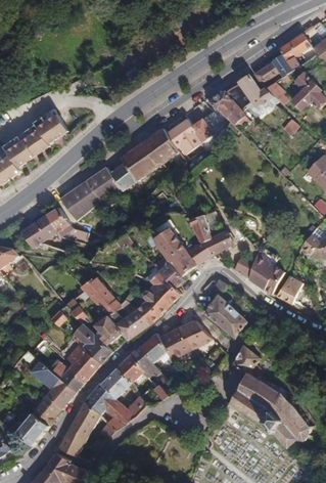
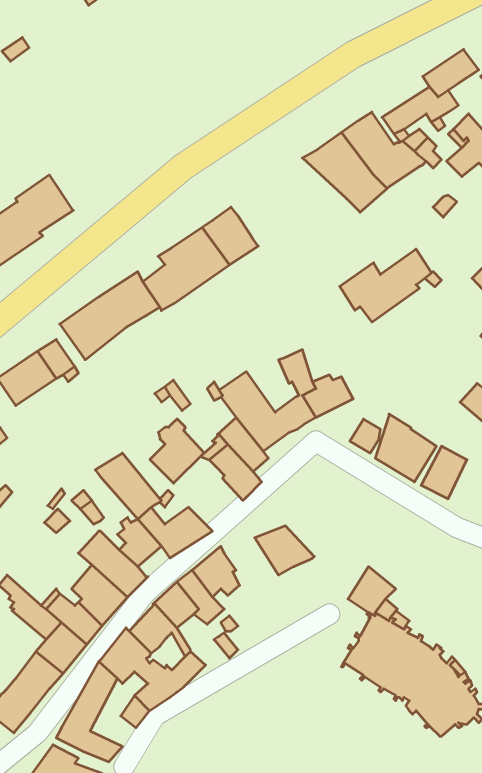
building: [167,111,222,155] -> [340,249,431,322]
building: [204,279,248,339] -> none
building: [137,284,170,323] -> [150,419,204,483]
building: [158,327,191,360] -> none

